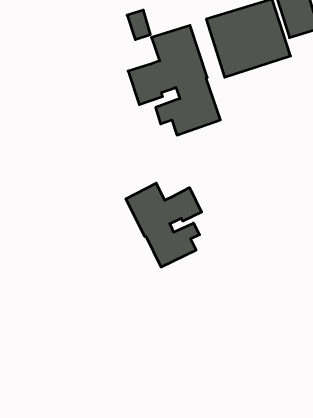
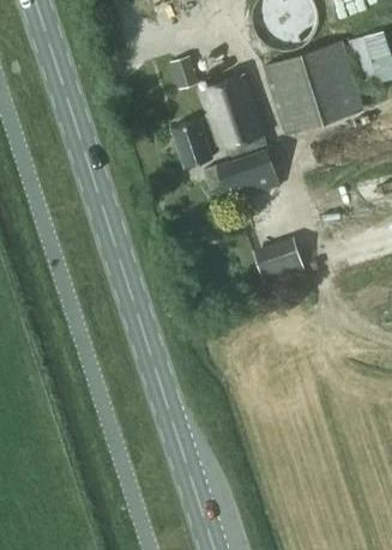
building: none -> [261,232,314,282]
building: [126,183,202,267] -> none

